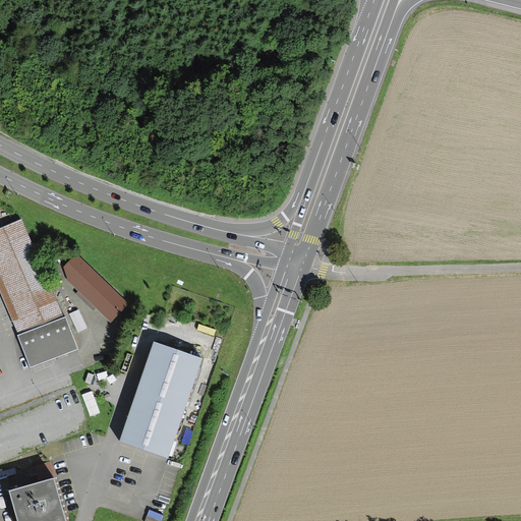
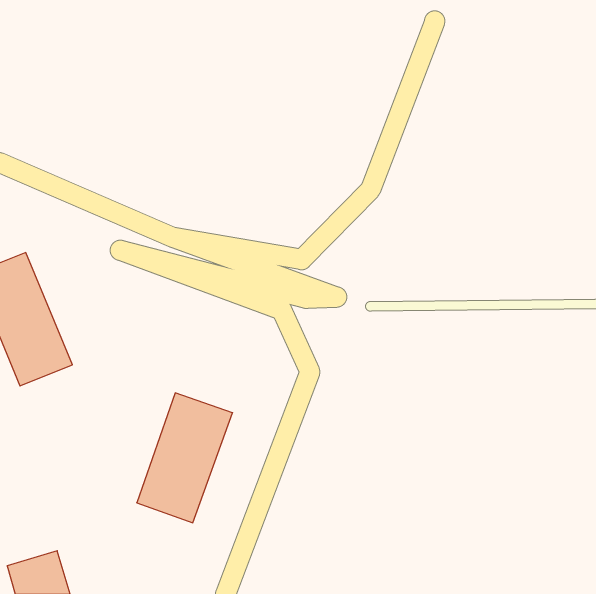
building: [62,252,127,323] -> none
building: [17,317,76,368] -> none

